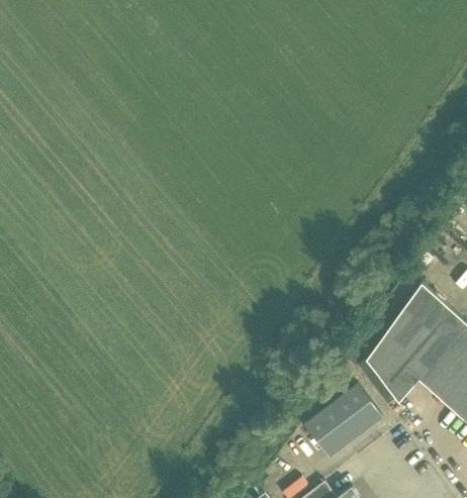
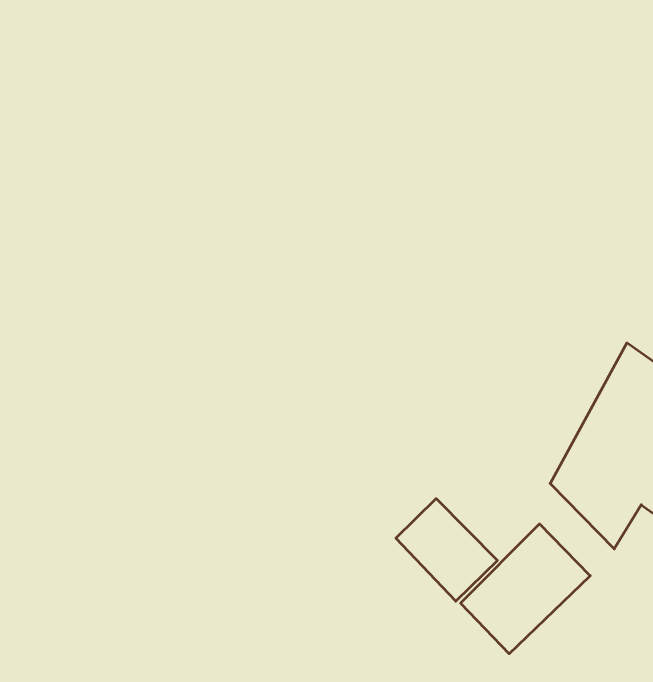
building: none -> [396,499,497,601]

